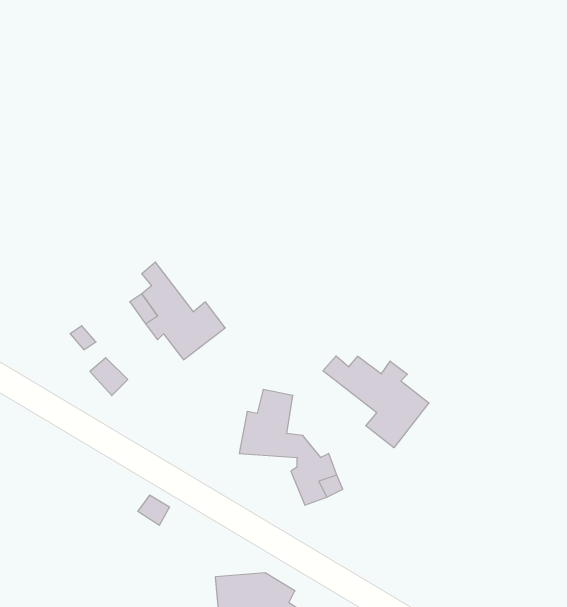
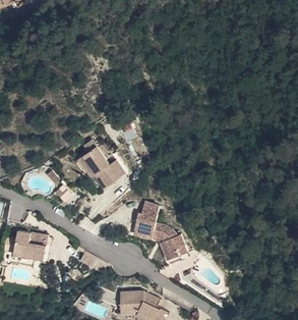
building: [323,356,429,448] -> none
building: none -> [13,230,47,259]

